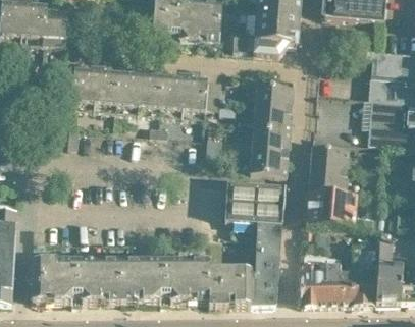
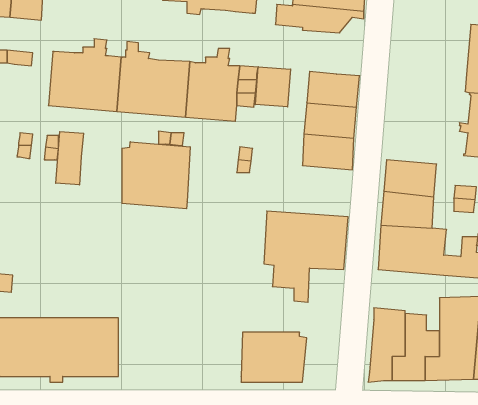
building: none -> [255,67,291,107]
building: none -> [56,132,84,185]
building: none -> [122,142,190,209]
building: [252,147,290,171] -> none
building: [254,220,283,302] -> none
building: [122,256,211,302] -> none

